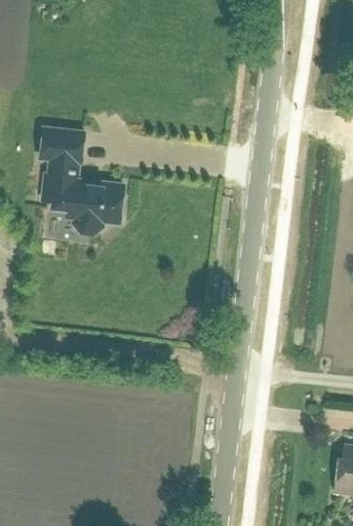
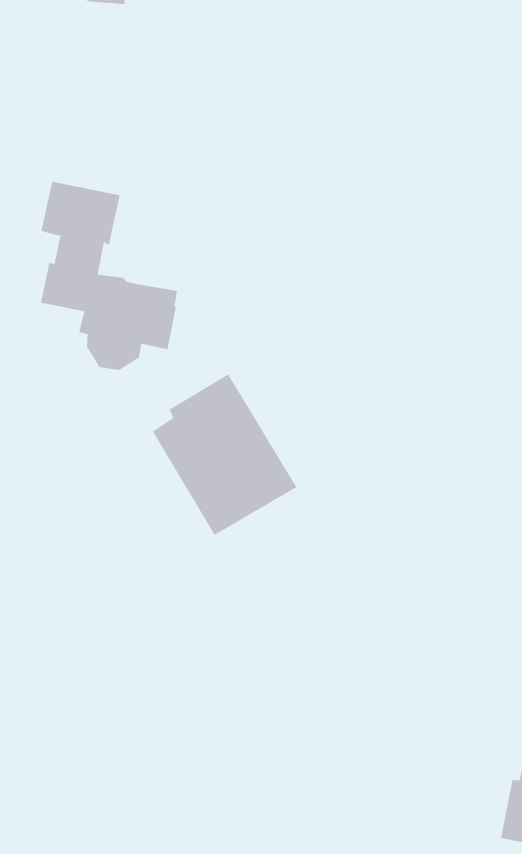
building: none -> [152,373,297,536]

